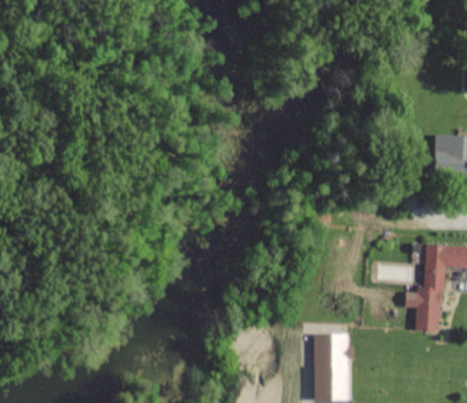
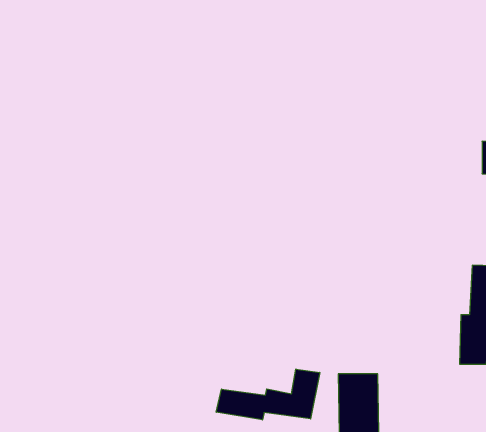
building: none -> [216,369,320,420]

